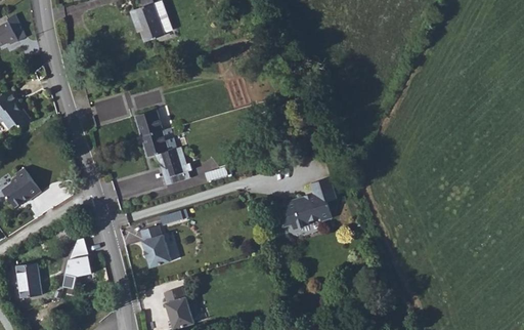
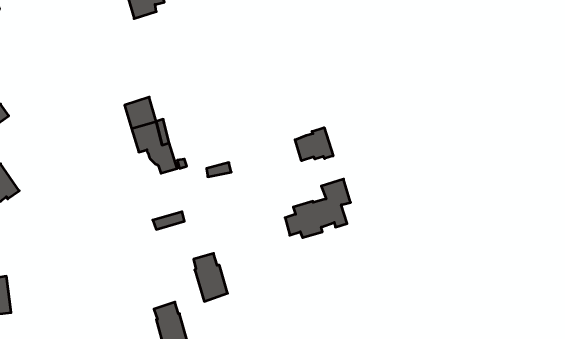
building: none -> [295,128,333,161]
building: [142,225,172,267] -> [194,253,228,301]
building: [63,238,94,287] -> none

